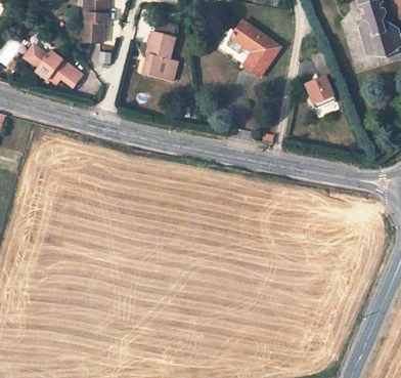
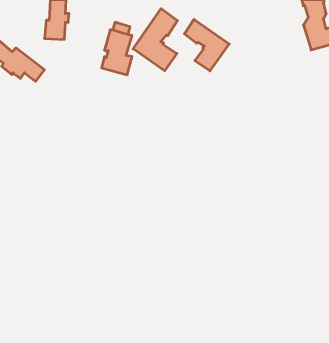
building: none -> [133,9,177,71]
building: [302,74,333,104] -> none

